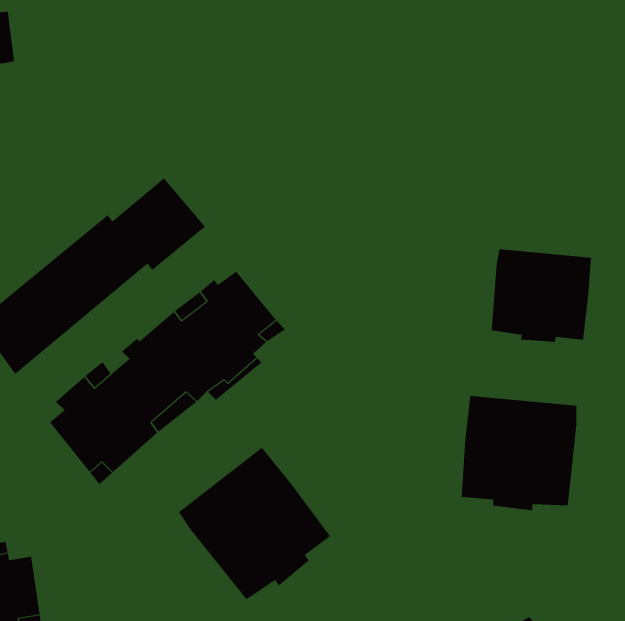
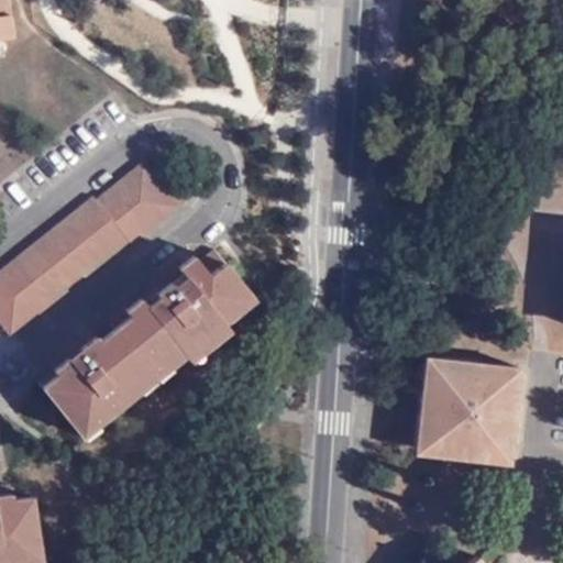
building: [491,249,592,342] -> none
building: [178,447,331,600] -> none

